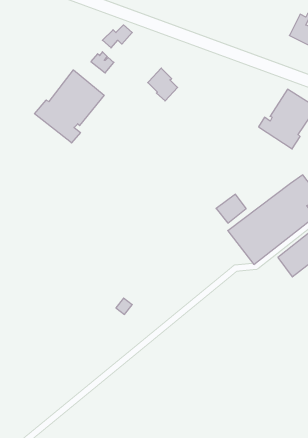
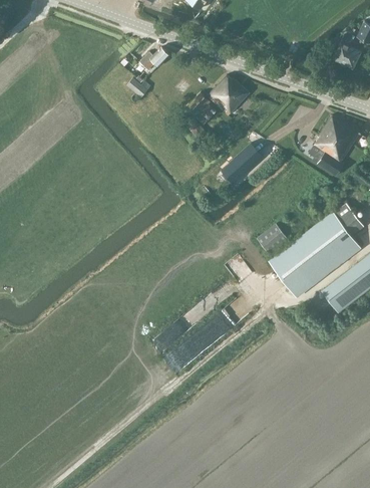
building: none -> [208,75,251,116]
building: [35,70,104,143] -> none
building: none -> [222,144,264,184]

